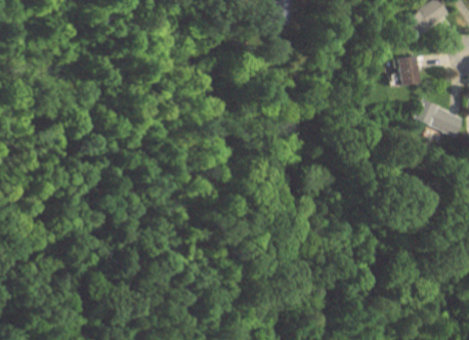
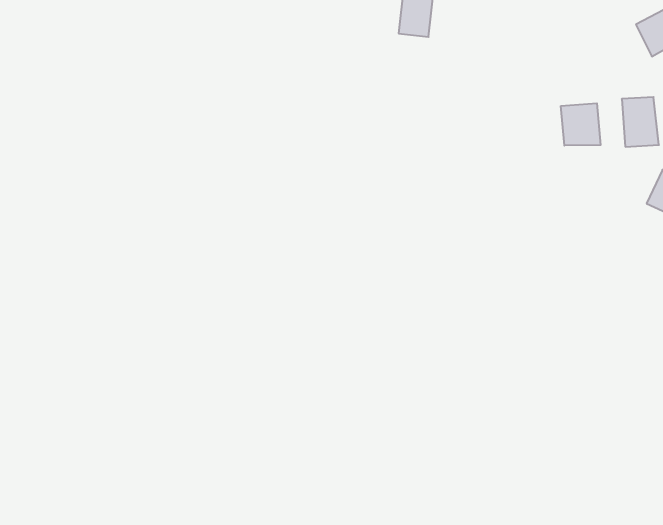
building: none -> [561,103,601,146]

